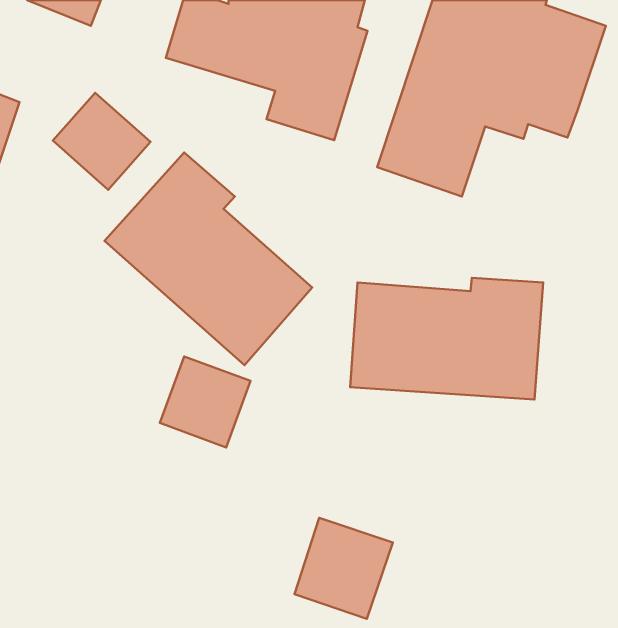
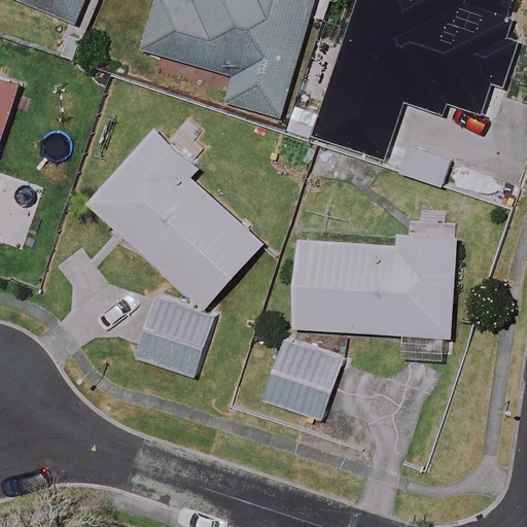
building: [53,93,151,190] -> none
building: [294,518,393,619] -> [260,336,343,420]

